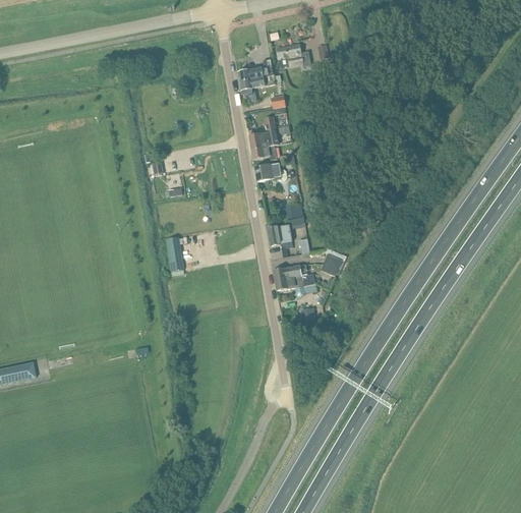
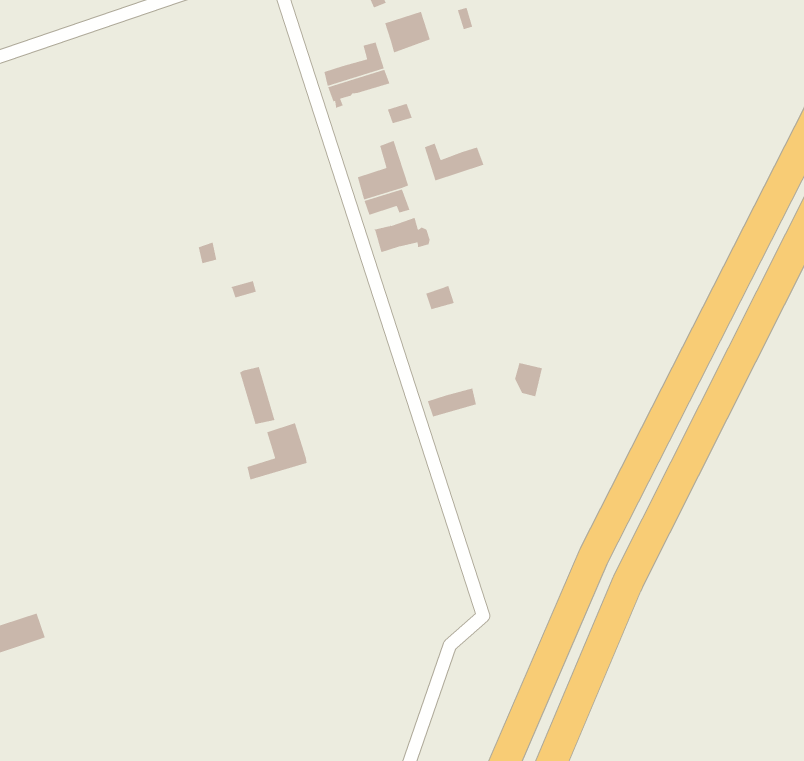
building: none -> [424,142,485,181]
building: [267,216,305,244] -> none
building: none -> [247,422,308,481]
building: [275,273,315,295] -> none

